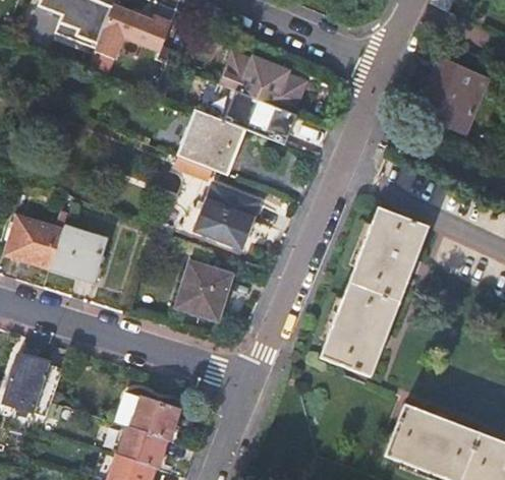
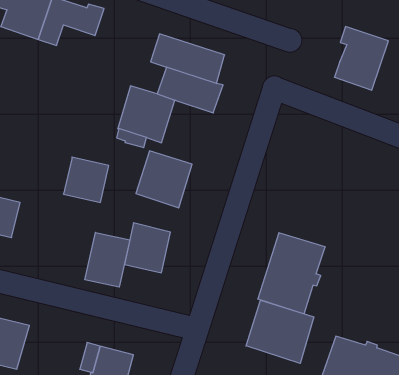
building: [350,207,431,303] -> none
building: [51,228,104,281] -> [63,157,109,202]
building: none -> [85,232,130,287]
building: none -> [246,300,314,363]

